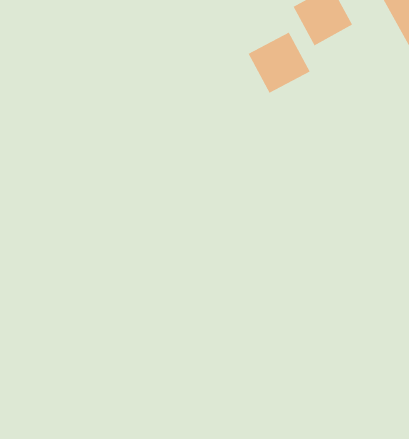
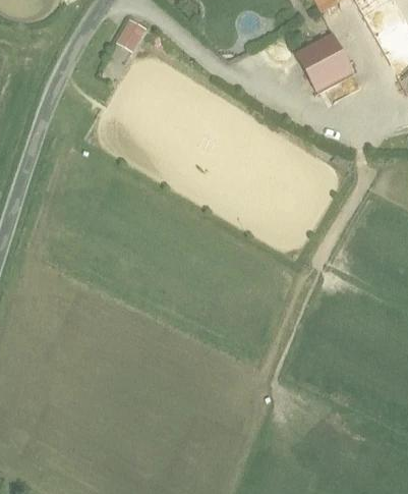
building: [247,31,311,94] -> none

